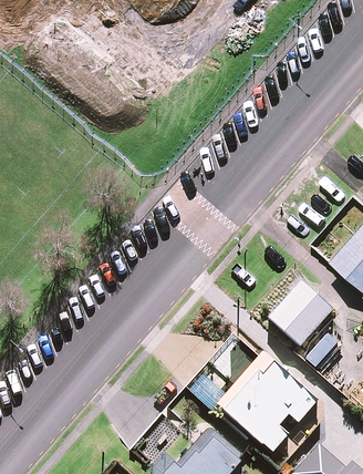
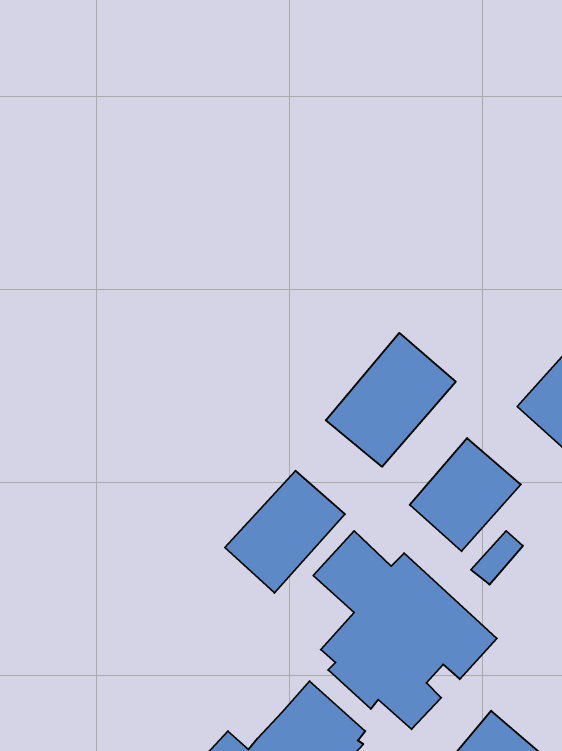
building: none -> [326,333,456,467]
building: none -> [225,471,345,593]

